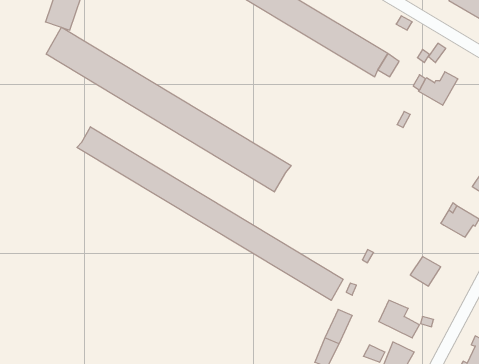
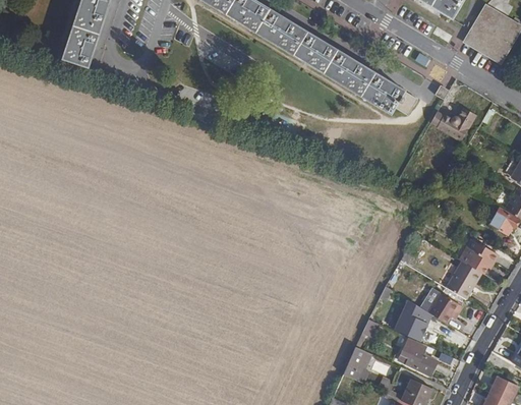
building: [46,27,291,192] -> none
building: [77,127,343,300] -> none
building: none -> [446,263,480,300]
building: none -> [394,301,430,341]

